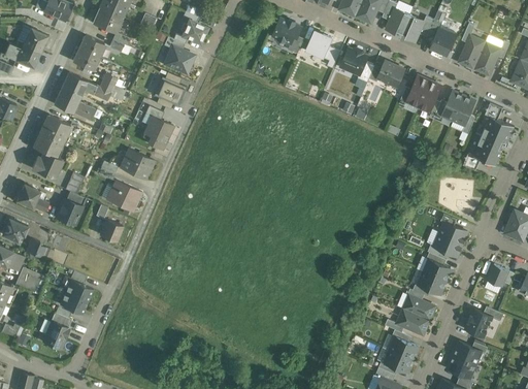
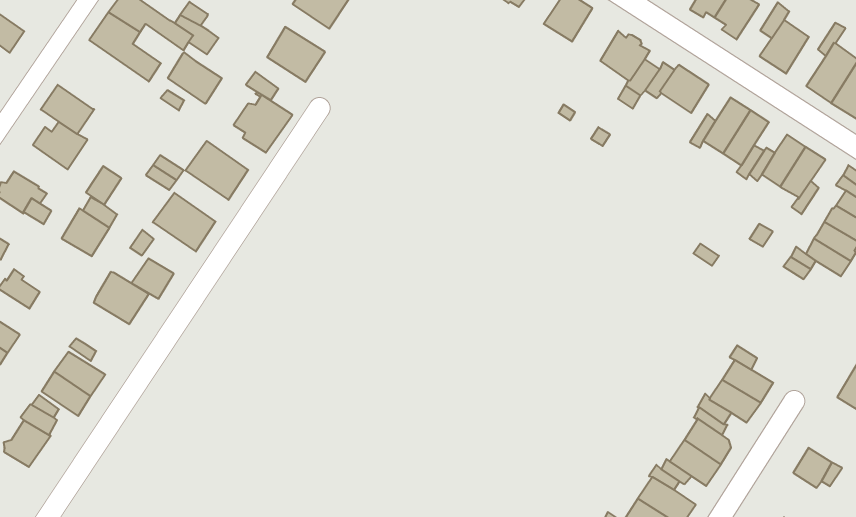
building: none -> [168,52,222,104]
building: [40,115,70,141] -> none
building: none -> [94,272,149,324]

